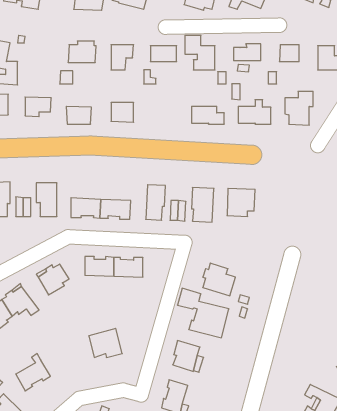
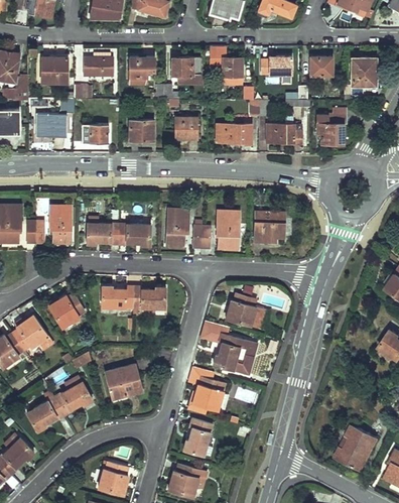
building: none -> [41,57,66,83]
building: none -> [174,118,197,139]
building: none -> [53,377,92,415]

